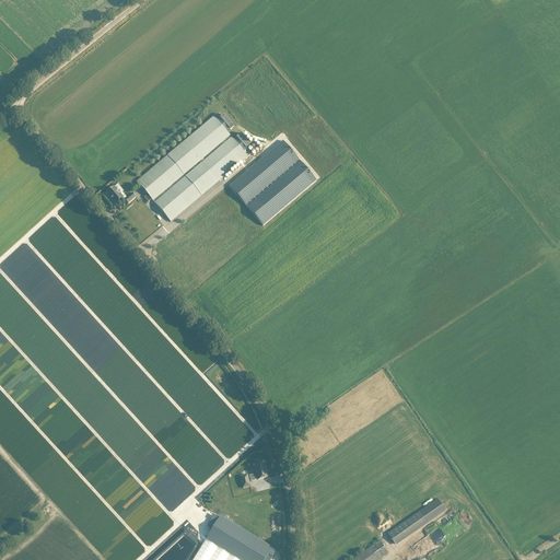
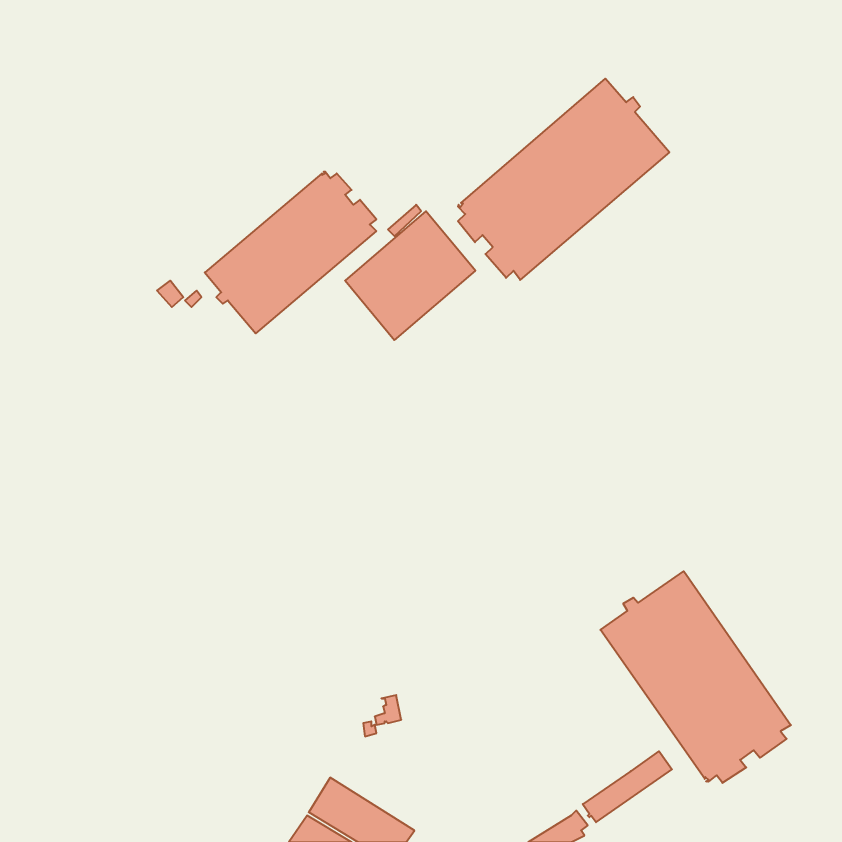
building: none -> [458,79,669,280]
building: none -> [600,571,791,783]

